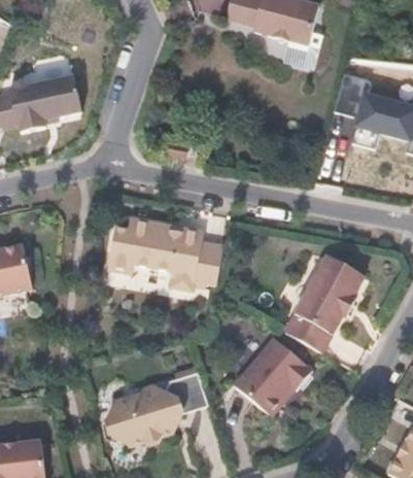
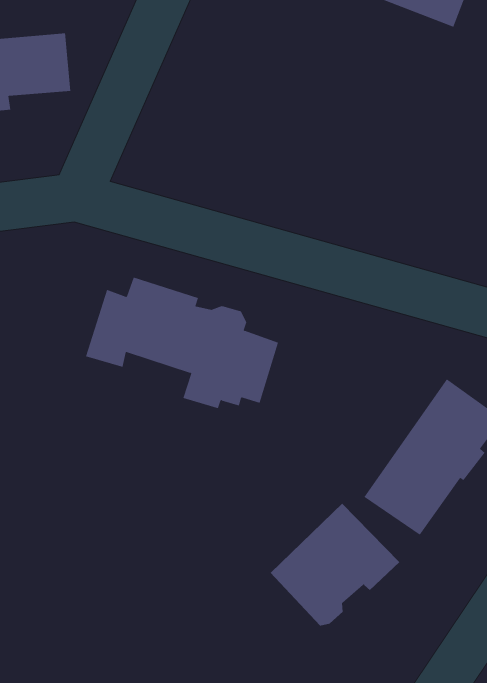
building: [105,373,207,447] -> none

